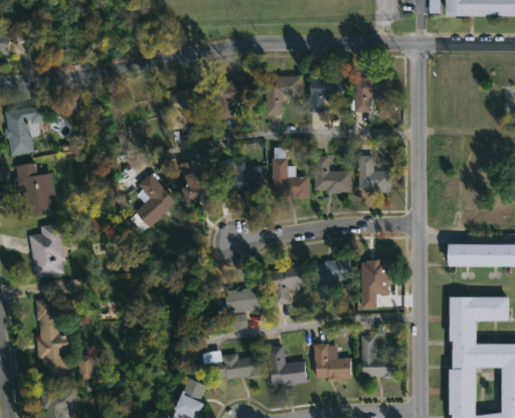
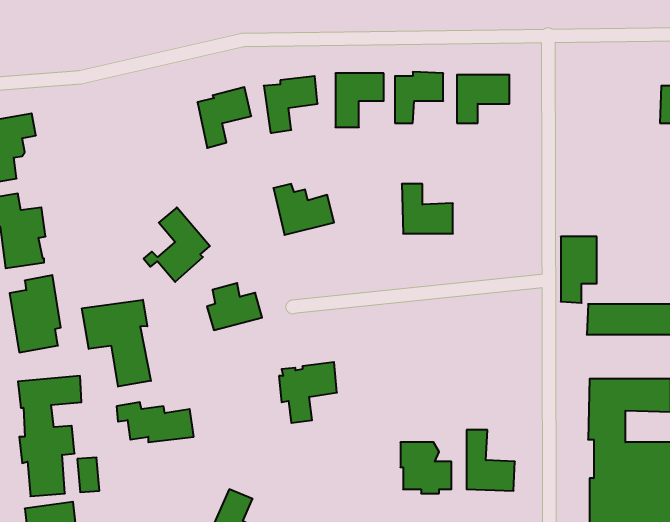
building: [273,147,309,198] -> none
building: [360,155,391,192] -> none
building: [182,169,222,203] -> [207,283,262,330]
building: none -> [82,300,151,387]
building: [316,257,352,300] -> none
building: [361,260,387,308] -> [561,237,597,303]
building: [271,264,310,304] -> none
building: [266,345,309,386] -> none
building: [204,350,261,379] -> [117,402,194,442]

